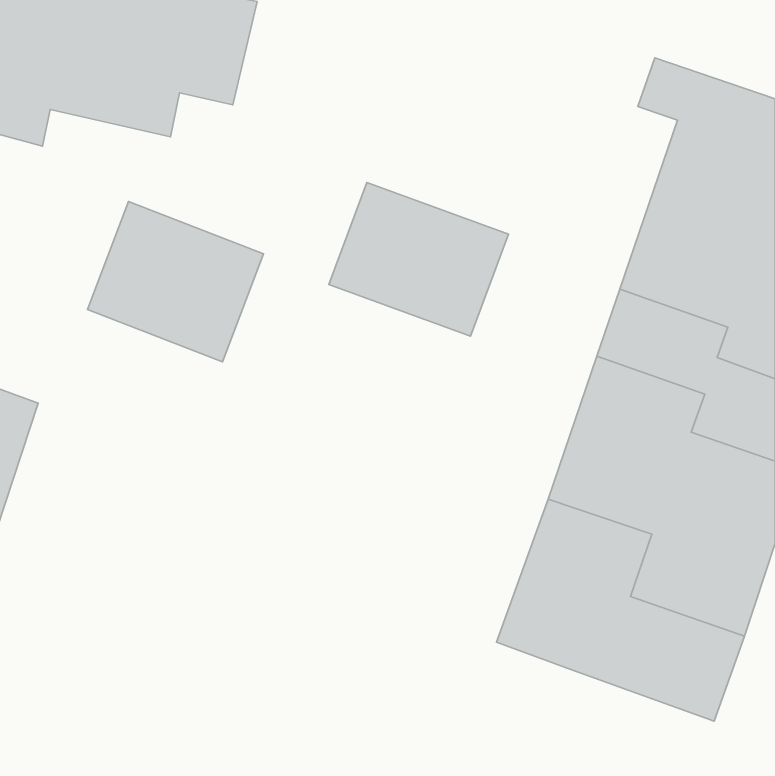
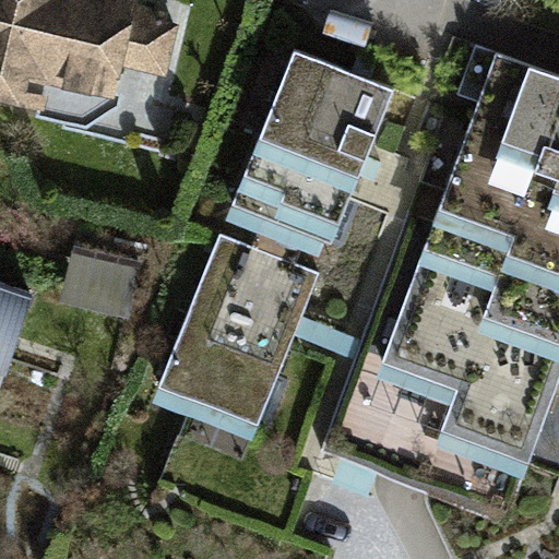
building: none -> [263,53,393,168]
building: [87,202,264,362] -> none
building: none -> [158,231,321,429]

